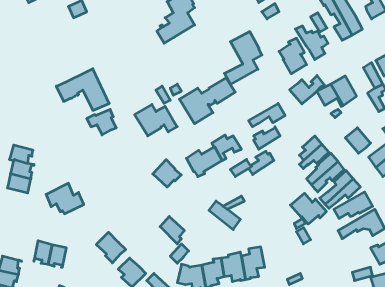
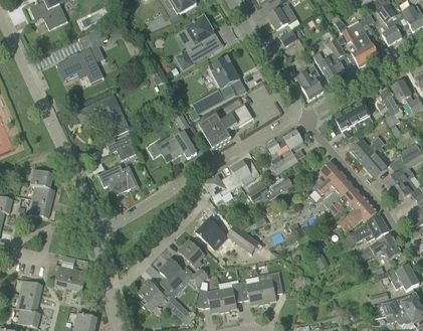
building: none -> [57,48,103,82]
building: [224,32,262,85] -> [202,56,239,109]
building: [290,75,324,104] -> [350,135,384,163]
building: [153,160,181,187] -> [196,218,224,245]
building: [46,183,84,214] -> [98,164,136,194]
building: [290,193,326,224] -> none
building: [96,232,126,263] -> [159,259,188,289]

